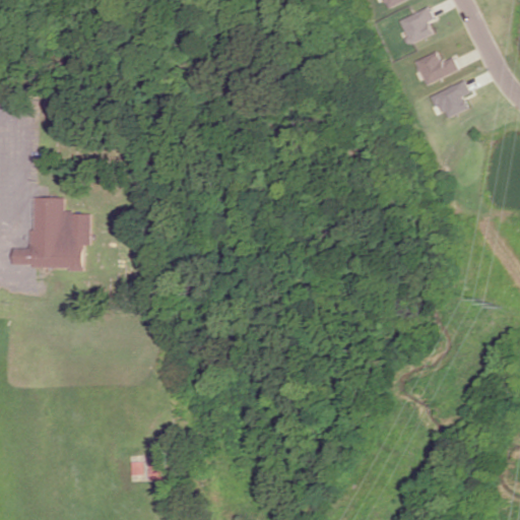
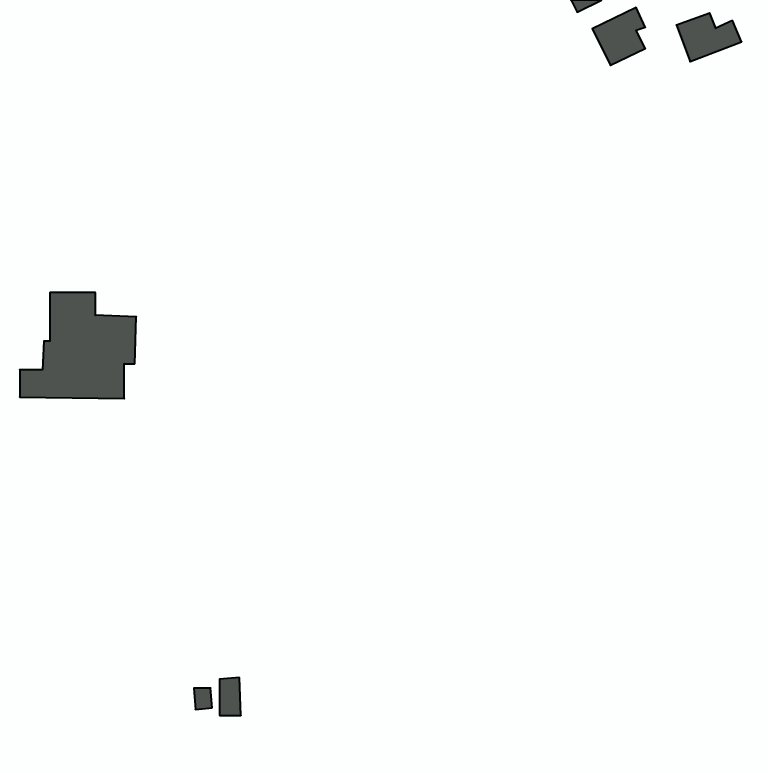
building: [414,52,458,84] -> [676,13,742,62]
building: [431,81,468,117] -> none

